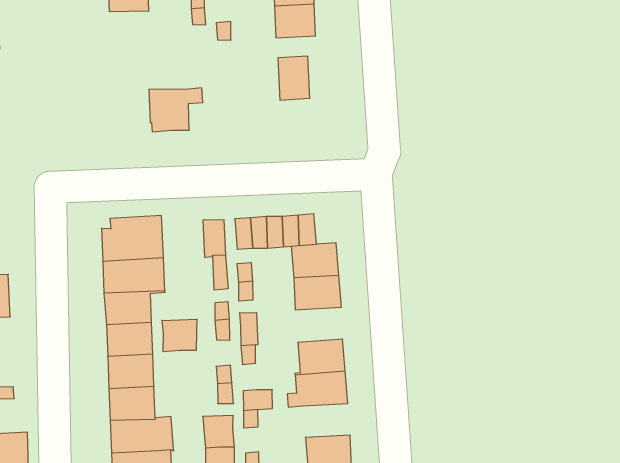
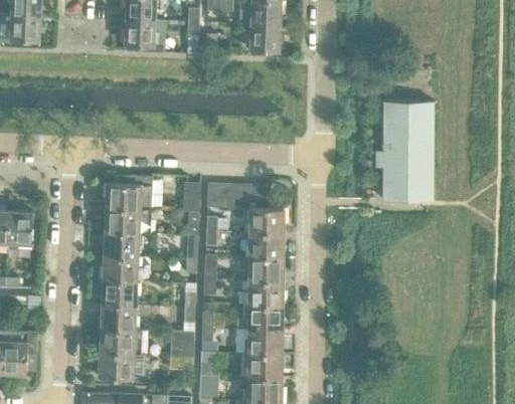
building: [278,56,309,100] -> none
building: none -> [375,100,434,200]
building: [149,88,203,132] -> [124,18,165,51]
building: none -> [247,255,283,280]
building: [162,319,197,352] -> none
building: none -> [247,329,282,354]

